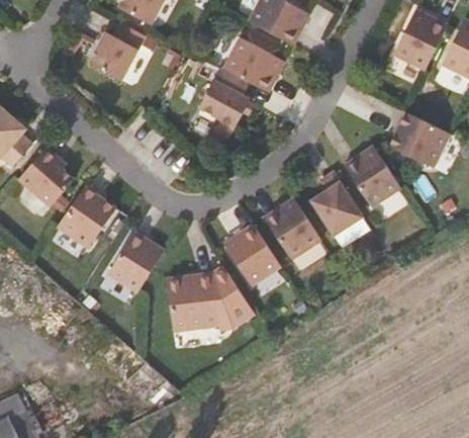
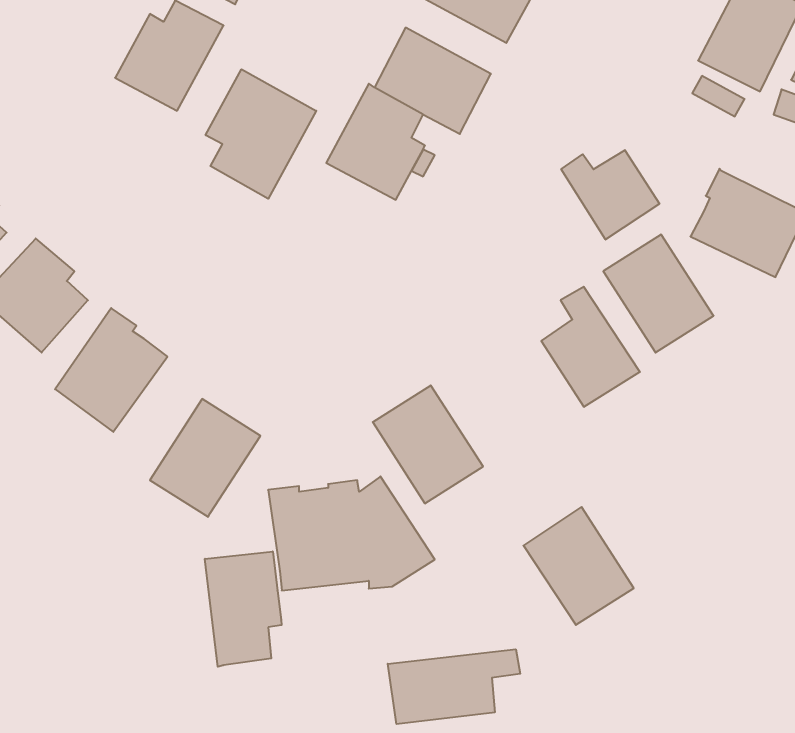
building: none -> [206,69,316,199]
building: none -> [561,150,659,240]
building: [263,197,320,259] -> [523,507,634,625]
building: none -> [205,551,282,667]
building: none -> [388,649,520,724]

